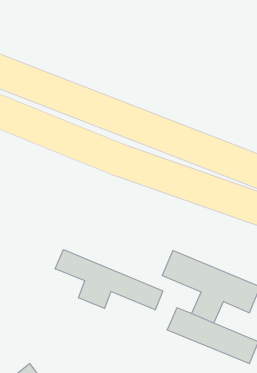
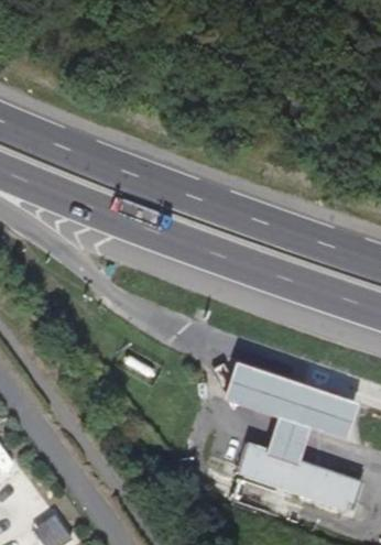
building: [55,250,163,310] -> none

